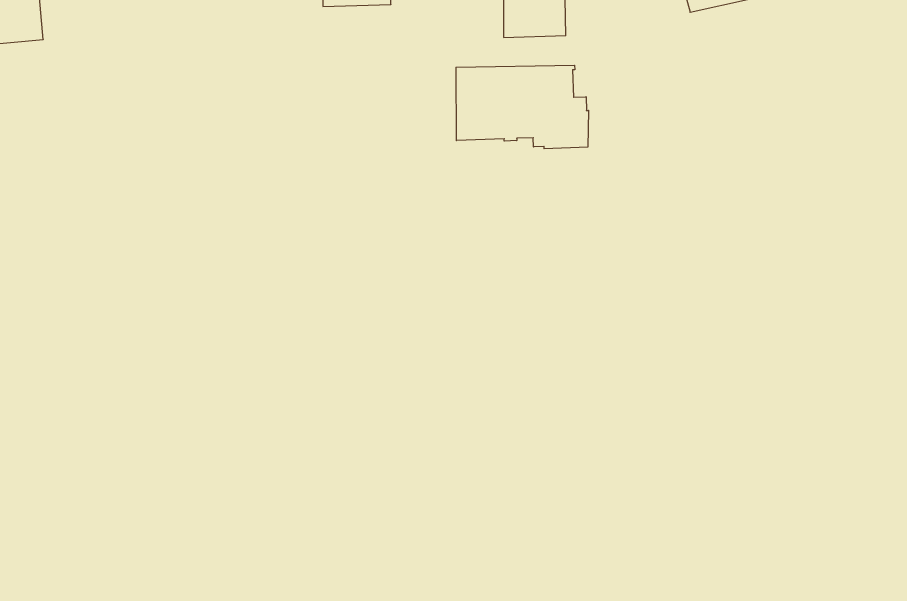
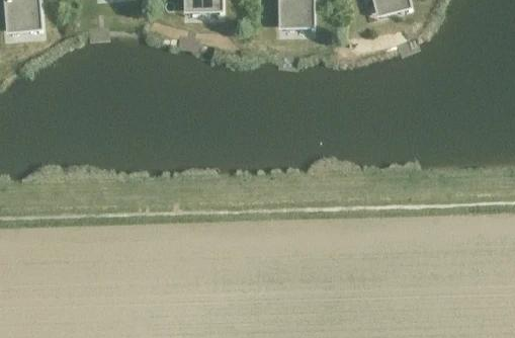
building: [456,65,589,149] -> none

